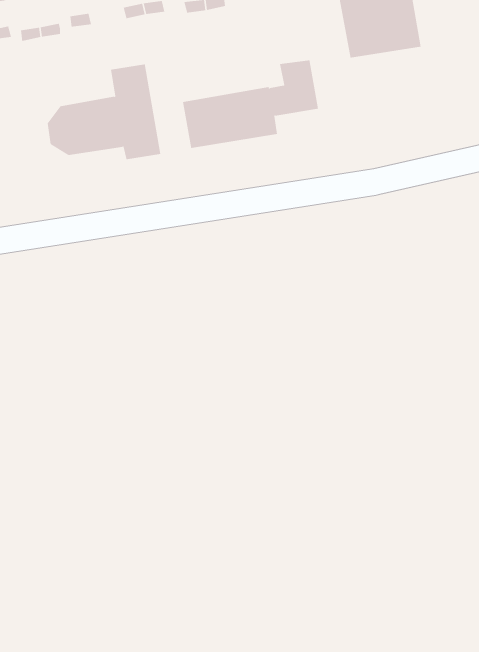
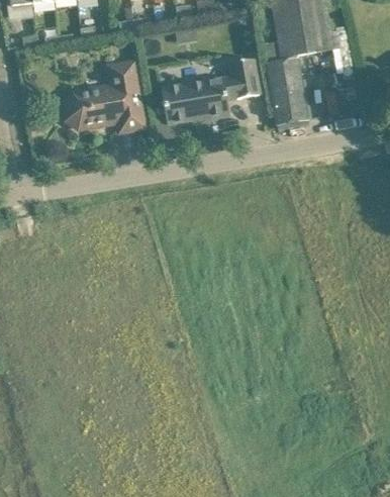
building: none -> [264,41,307,123]

